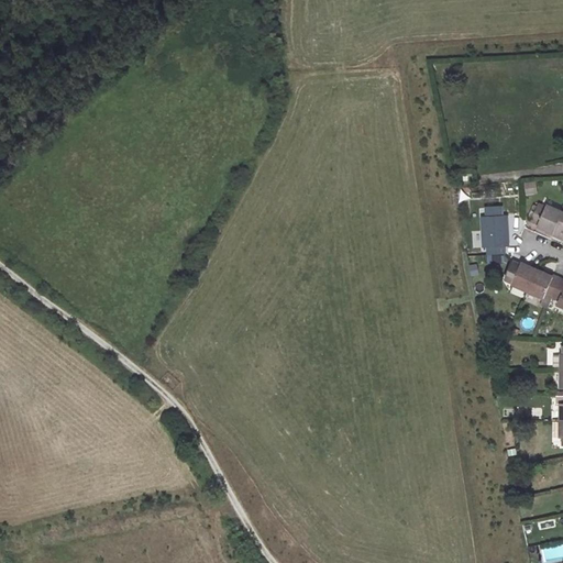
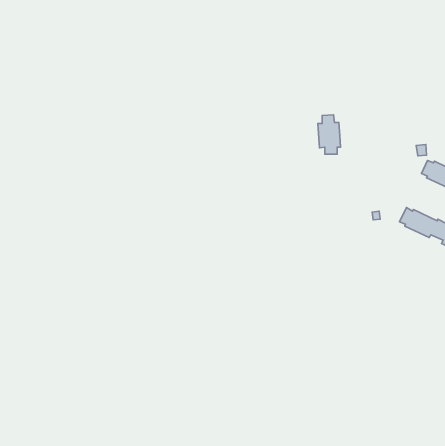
building: [481,205,509,254] -> [318,115,341,154]

